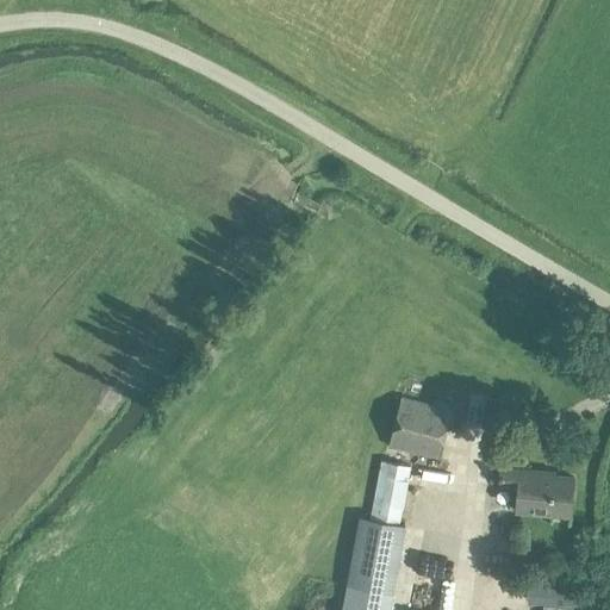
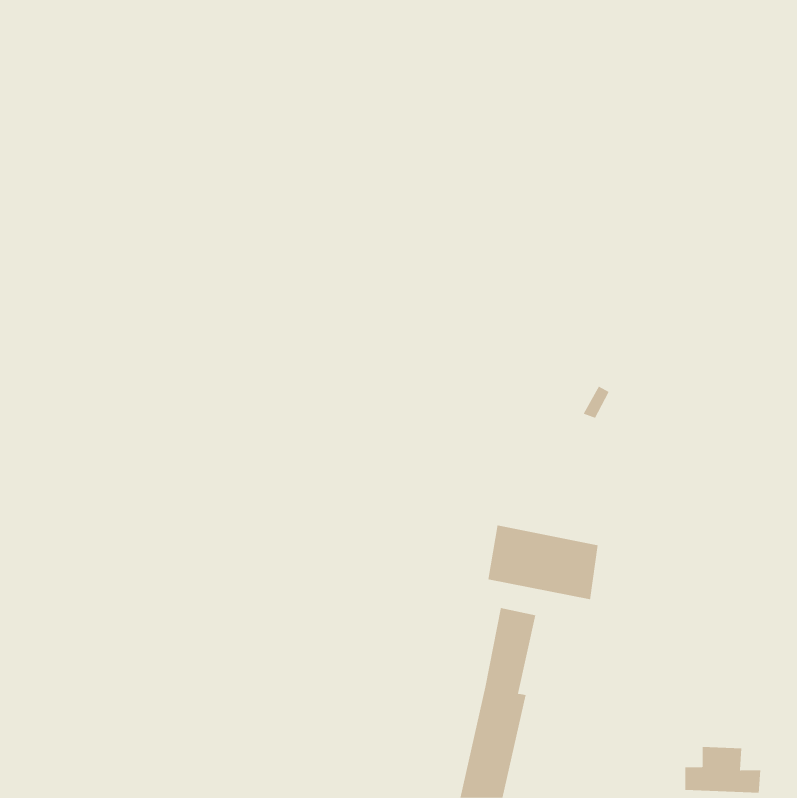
building: [498,469,573,516] -> none

